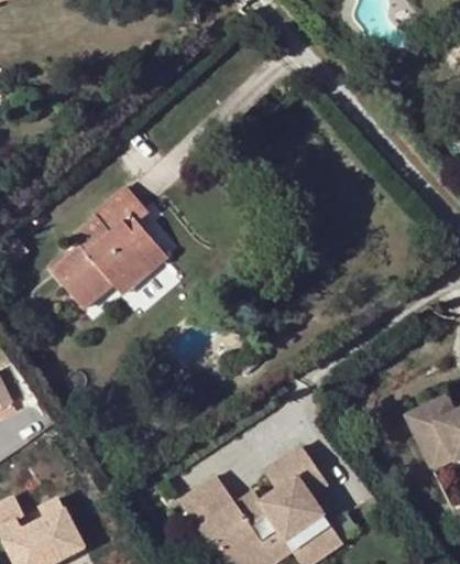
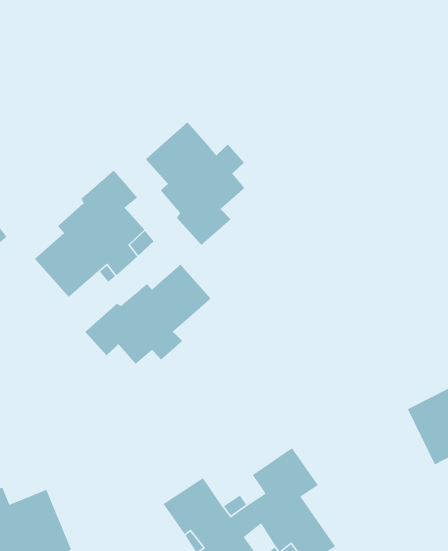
building: none -> [145,122,245,246]
building: none -> [85,264,211,365]

